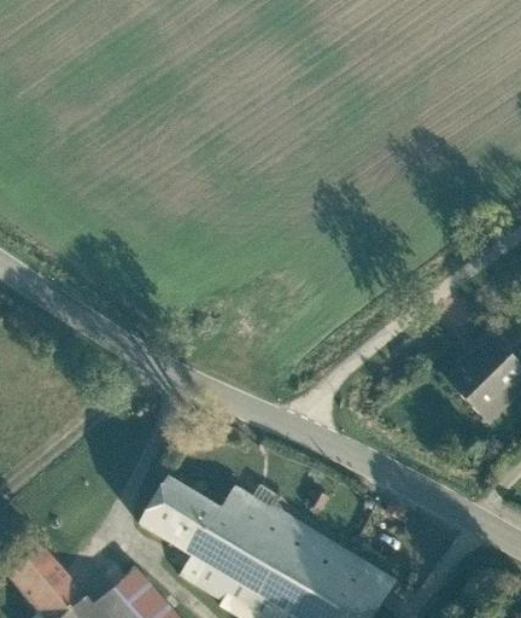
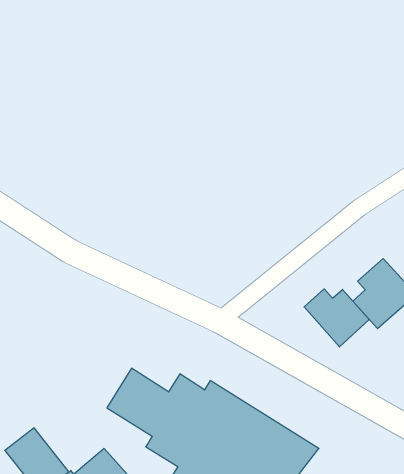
building: none -> [304,289,369,347]

